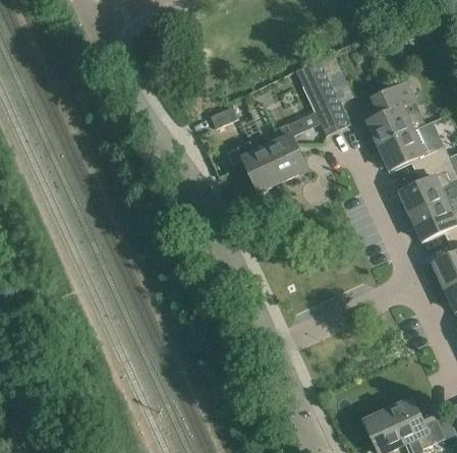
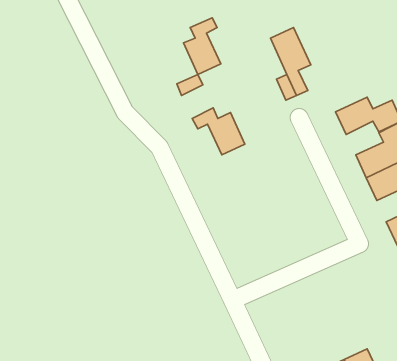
building: [366,82,424,146] -> none
building: [266,120,305,180] -> [184,18,221,74]

